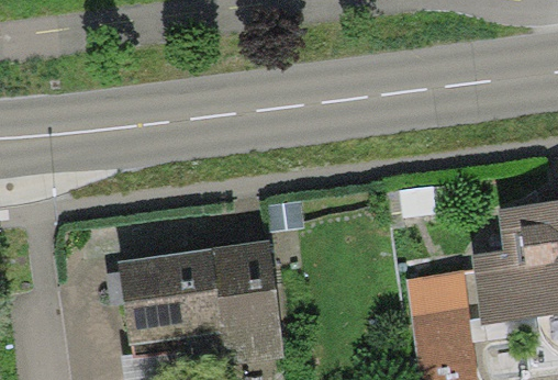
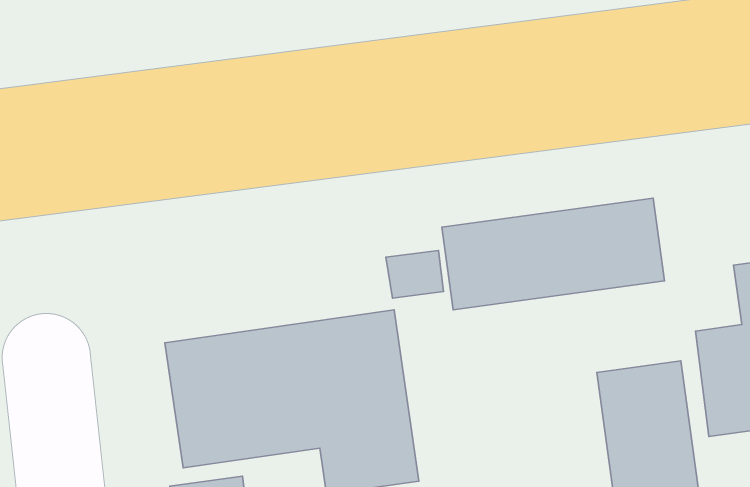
building: none -> [442,198,665,310]

